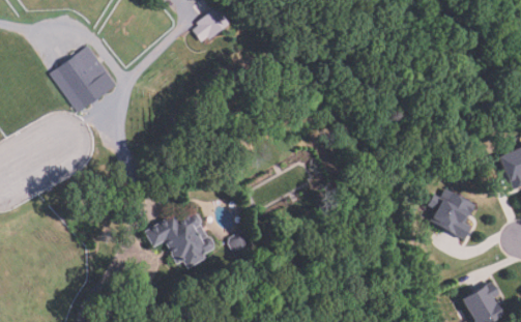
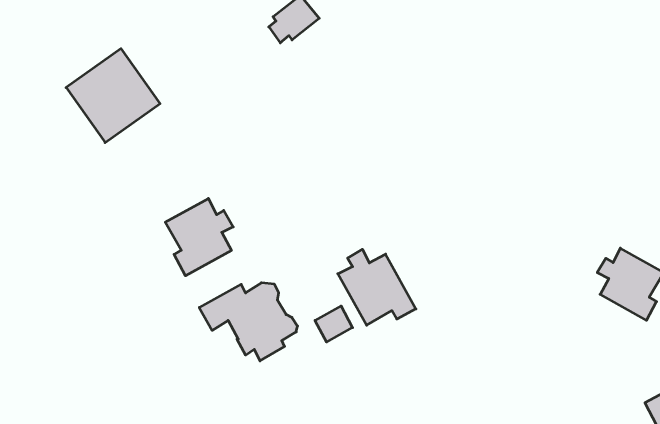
building: none -> [165,198,233,276]
building: none -> [338,249,416,325]

